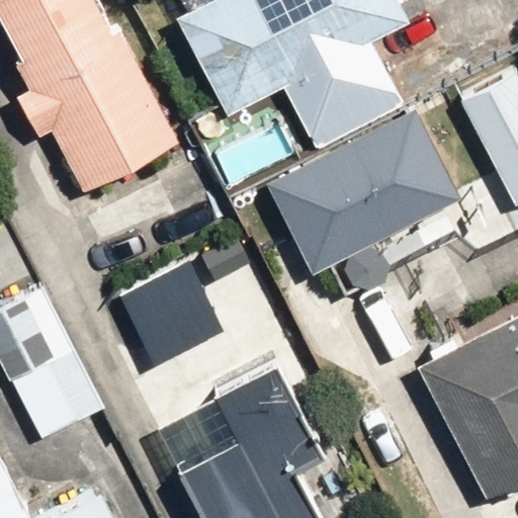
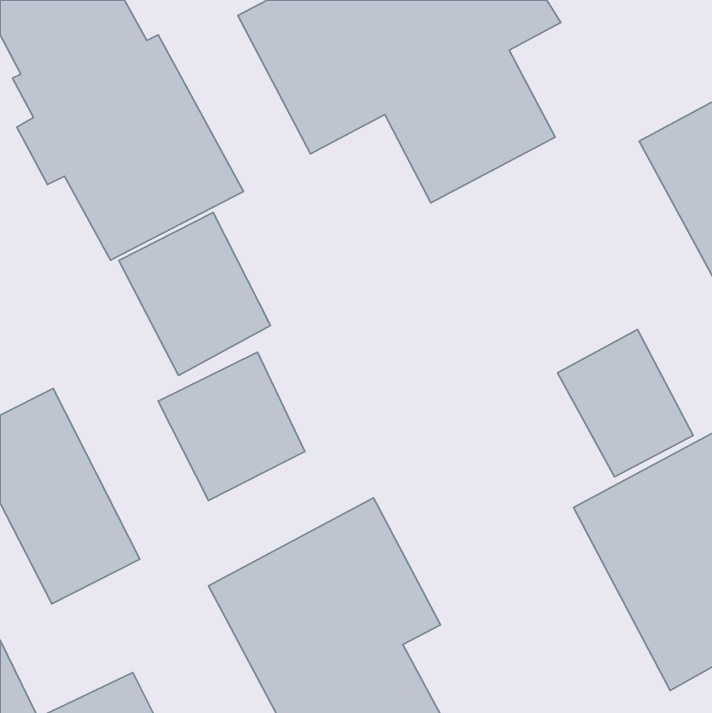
building: [269,113,461,276] -> none
building: none -> [119,212,271,376]
building: none -> [558,329,693,477]

